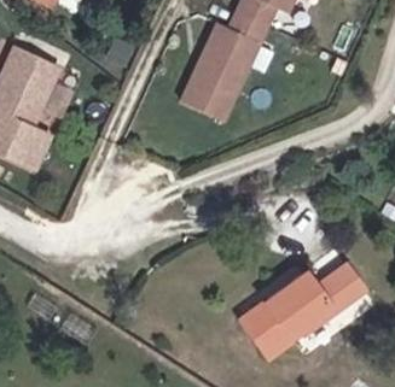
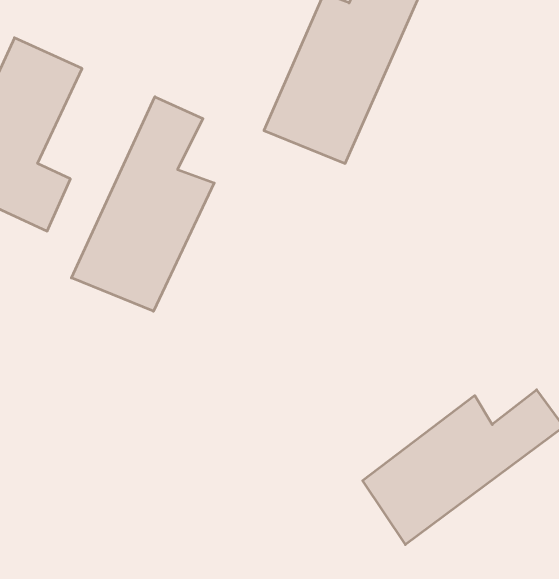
building: none -> [71,97,214,311]

